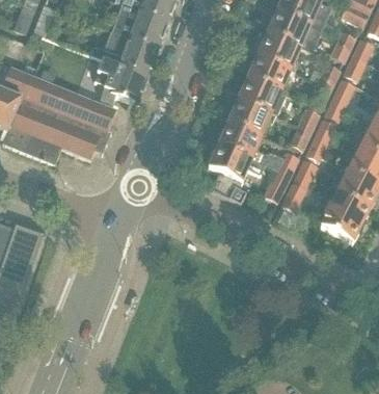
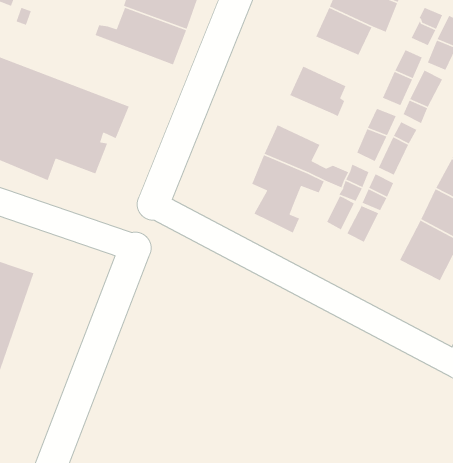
building: [248,51,291,88] -> none
building: [96,55,150,100] -> none
building: [228,96,271,133] -> none

